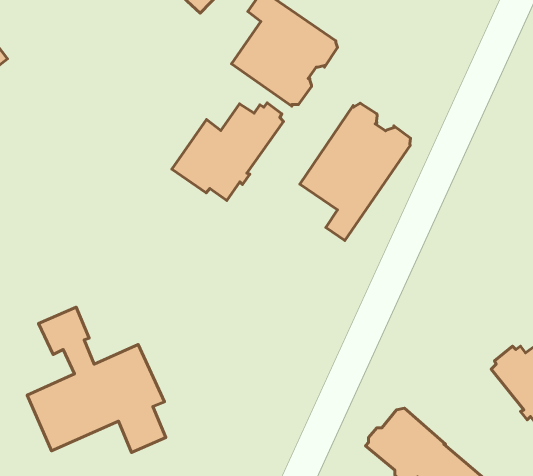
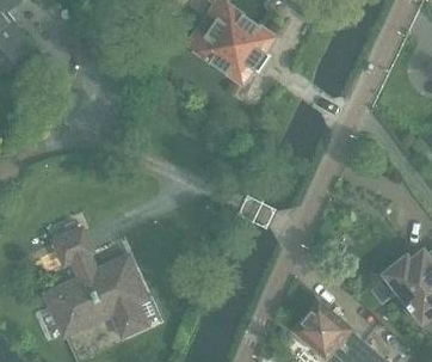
building: [172,103,284,200] -> none
building: [300,103,411,240] -> none

